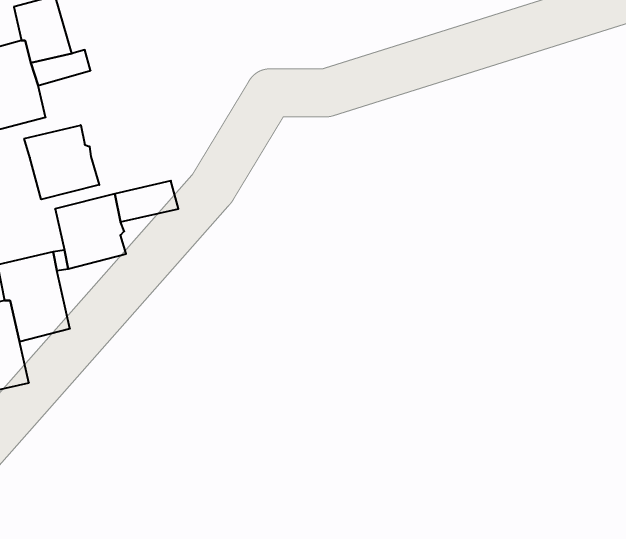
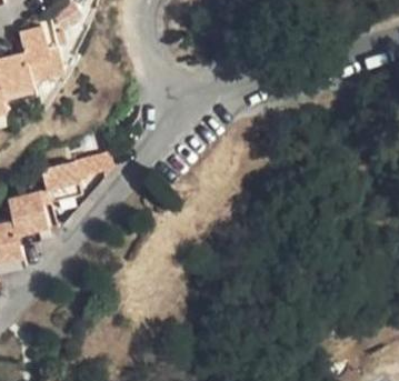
building: [24,125,99,199] -> none

